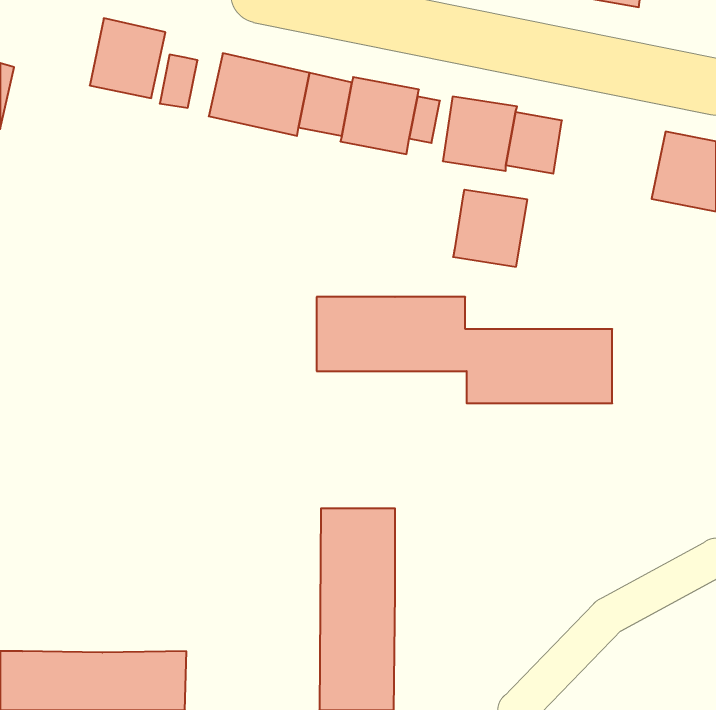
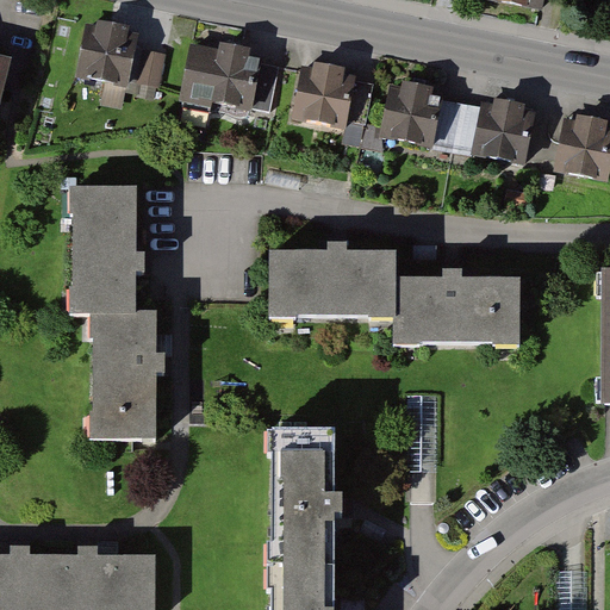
building: [453,190,527,267] -> [469,97,533,162]
building: none -> [68,187,155,435]

